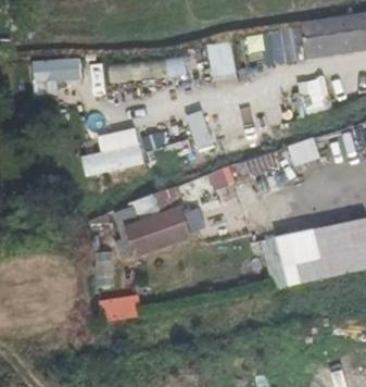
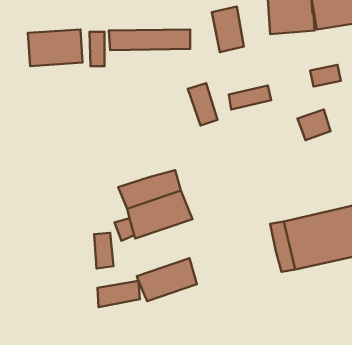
building: [83,122,147,175] -> none
building: none -> [137,258,197,301]

